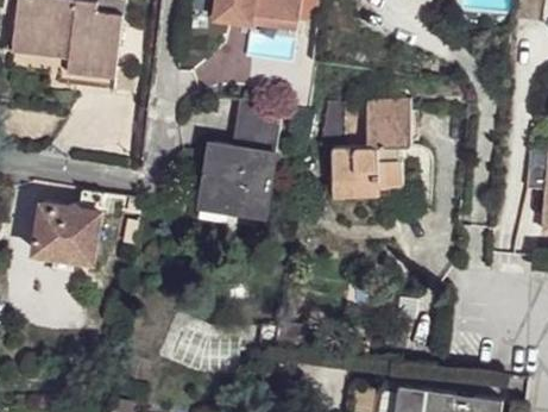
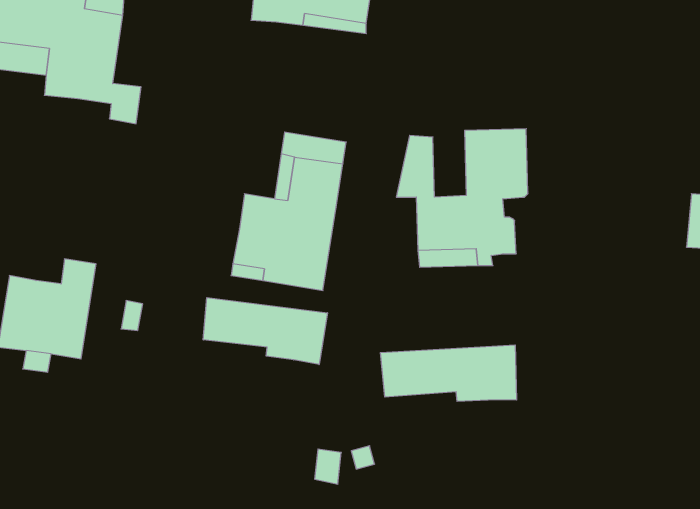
building: none -> [203,298,327,365]
building: none -> [380,345,517,401]

